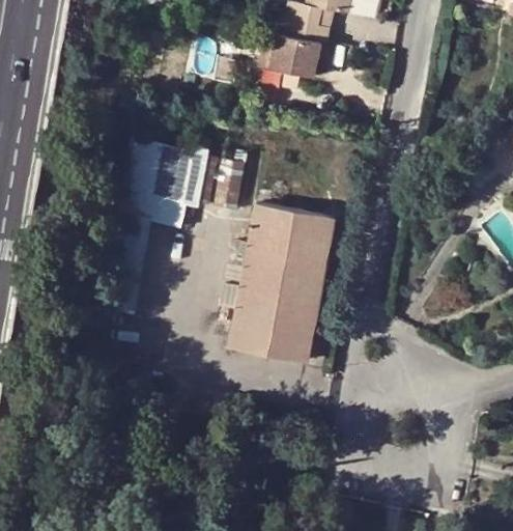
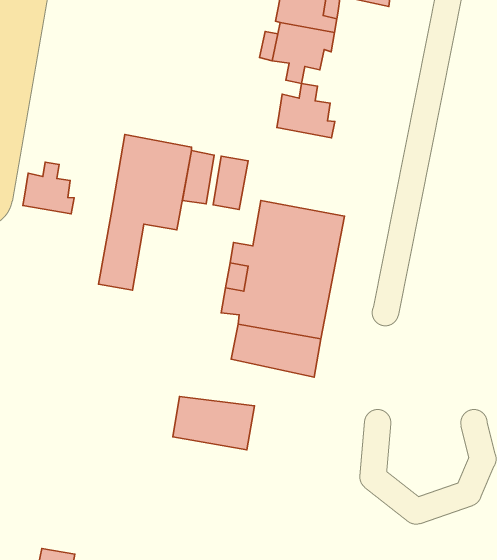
building: none -> [277,84,335,138]
building: none -> [23,162,74,214]
building: none -> [173,396,255,450]

